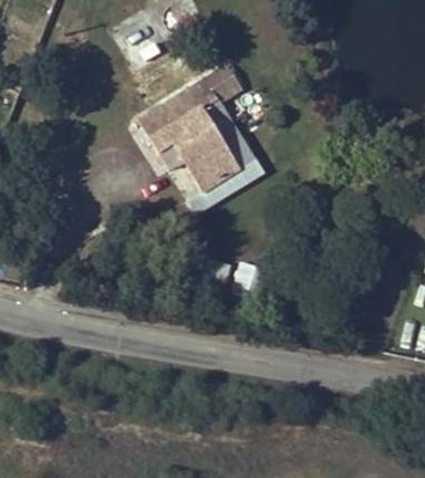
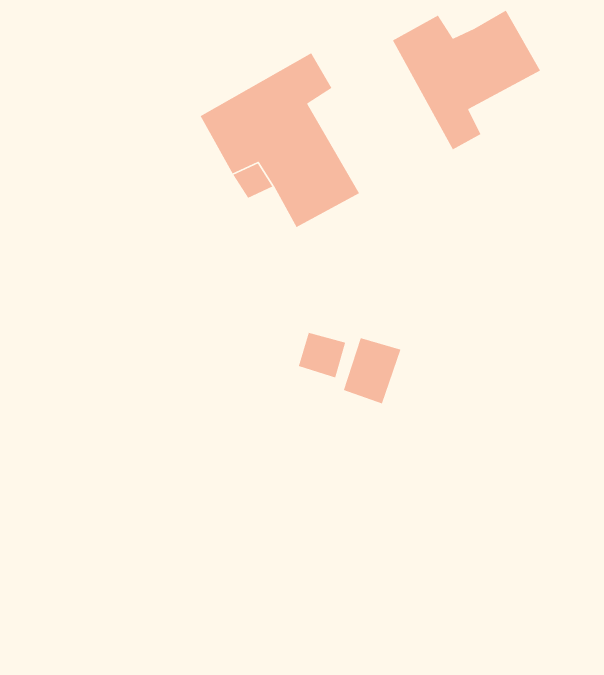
building: none -> [392,10,541,150]

